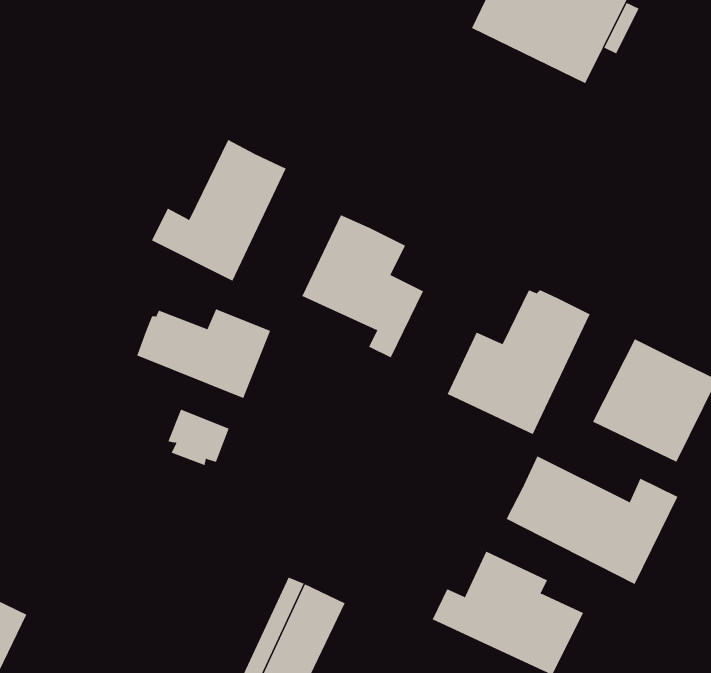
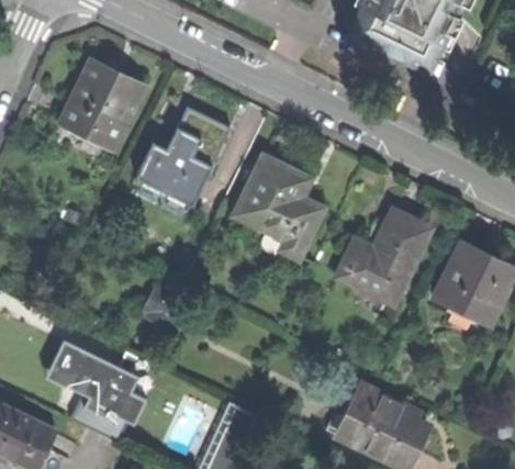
building: none -> [59,60,143,147]
building: [136,309,271,399] -> none
building: [506,455,678,585] -> none
building: none -> [46,338,147,439]

